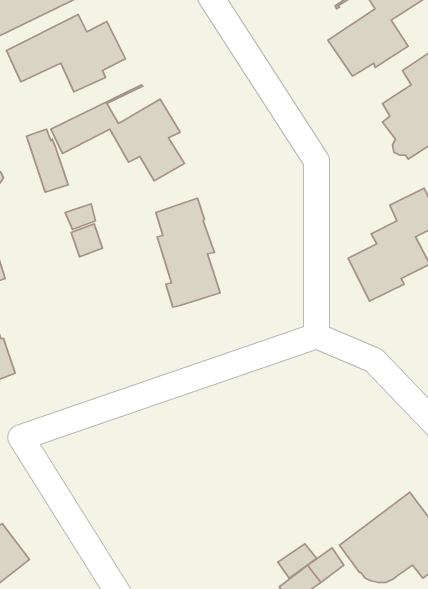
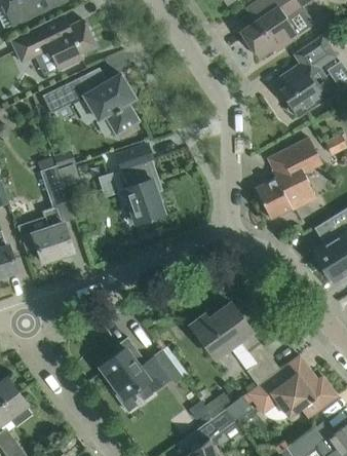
building: [26,129,68,192] -> [36,157,66,202]
building: none -> [21,205,73,262]
building: none -> [190,303,279,385]
building: none -> [100,337,183,397]

